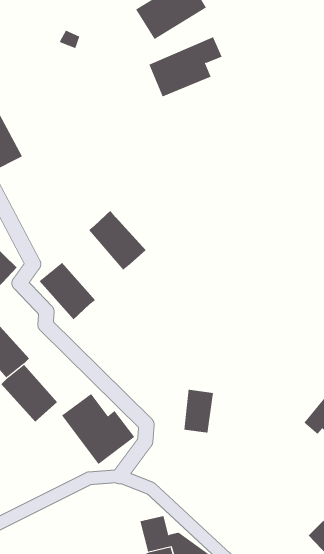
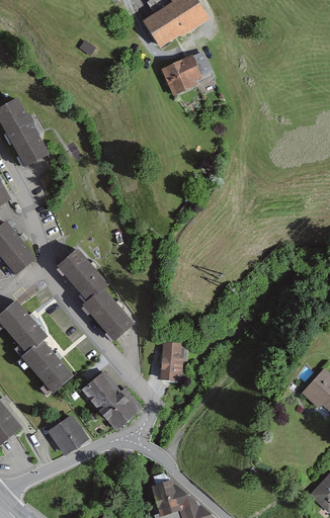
building: [88,210,146,271] -> [85,287,138,342]
building: [183,389,214,433] -> [156,342,183,381]
building: none -> [45,415,87,456]

